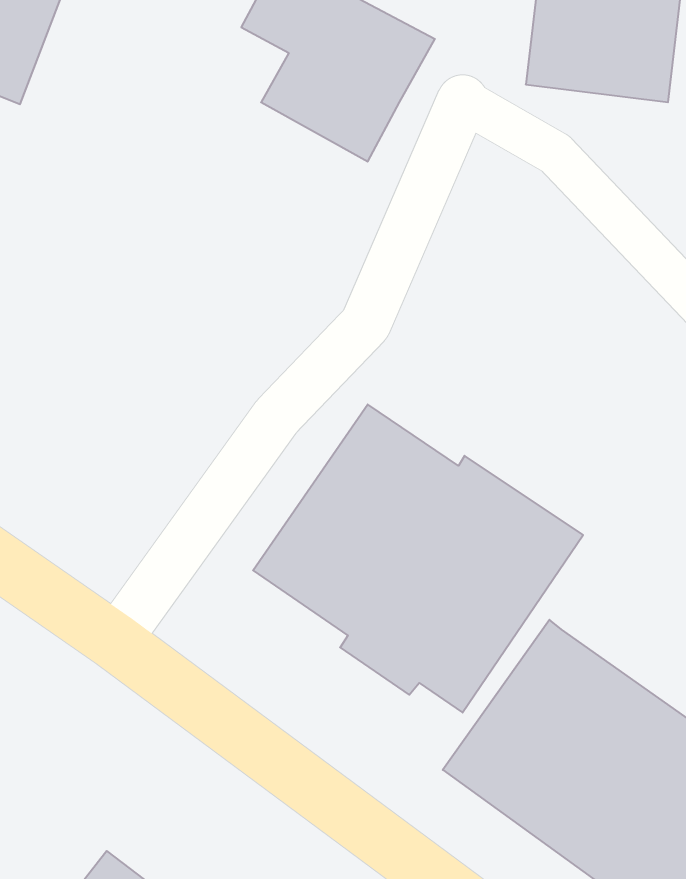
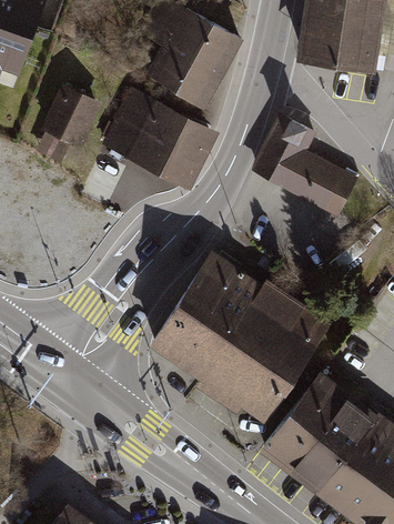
building: none -> [46,89,102,150]
building: none -> [104,90,220,191]
building: none -> [252,115,358,218]

